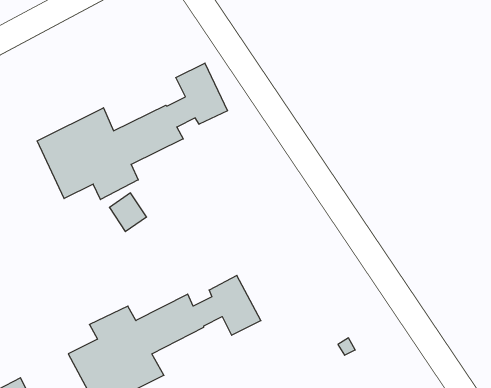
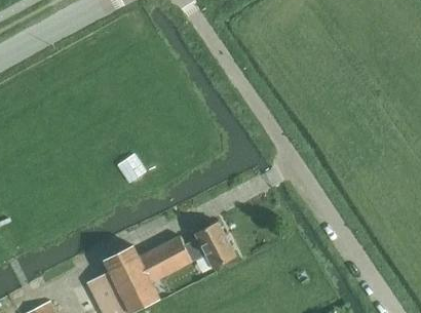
building: [37,63,227,200] -> none

